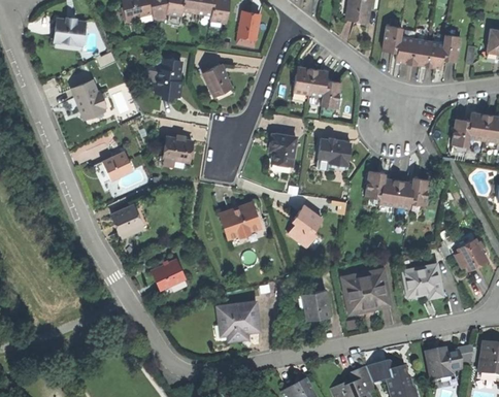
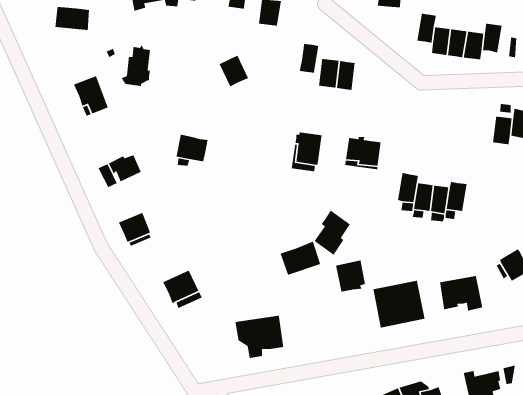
building: [153,57,180,96] -> [120,44,151,87]
building: [322,80,340,108] -> [299,43,319,74]
building: [221,203,259,235] -> [279,241,321,276]
building: [302,289,330,319] -> [335,260,366,292]

